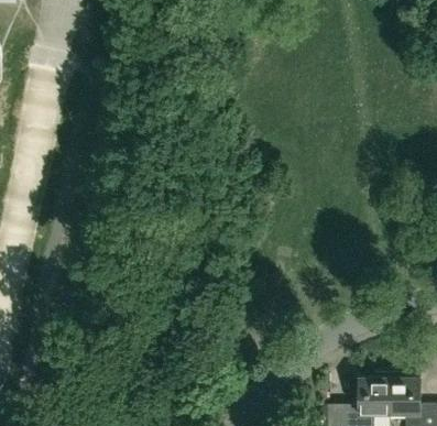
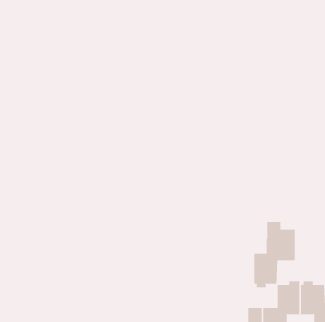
building: none -> [254,221,295,288]

